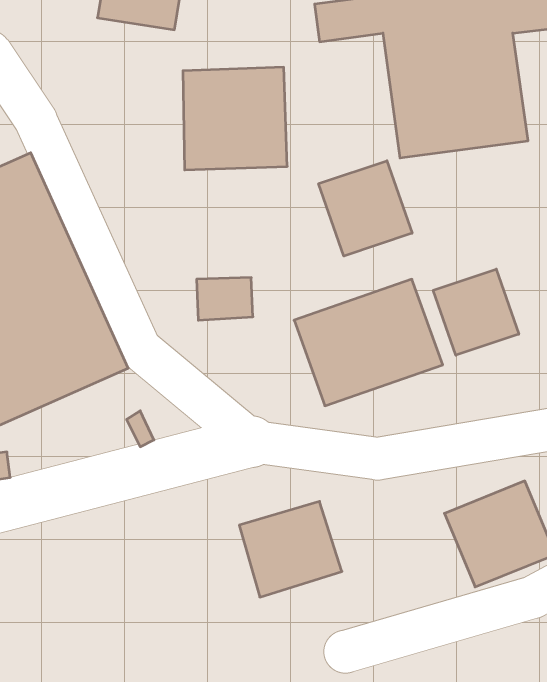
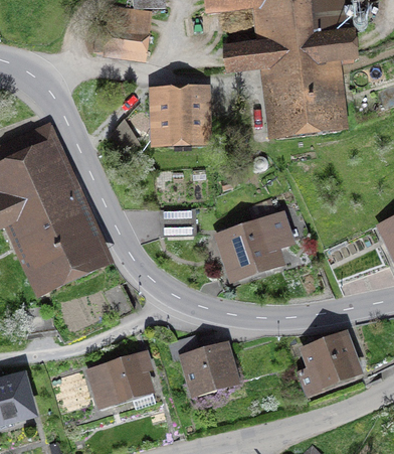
building: [319,161,412,256] -> none
building: [433,269,519,355] -> none
building: none -> [82,347,157,407]

